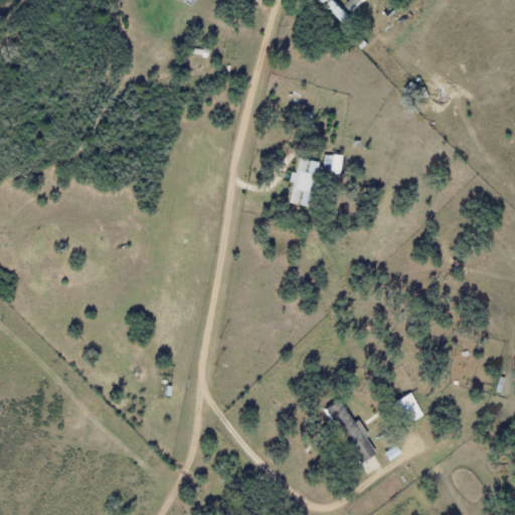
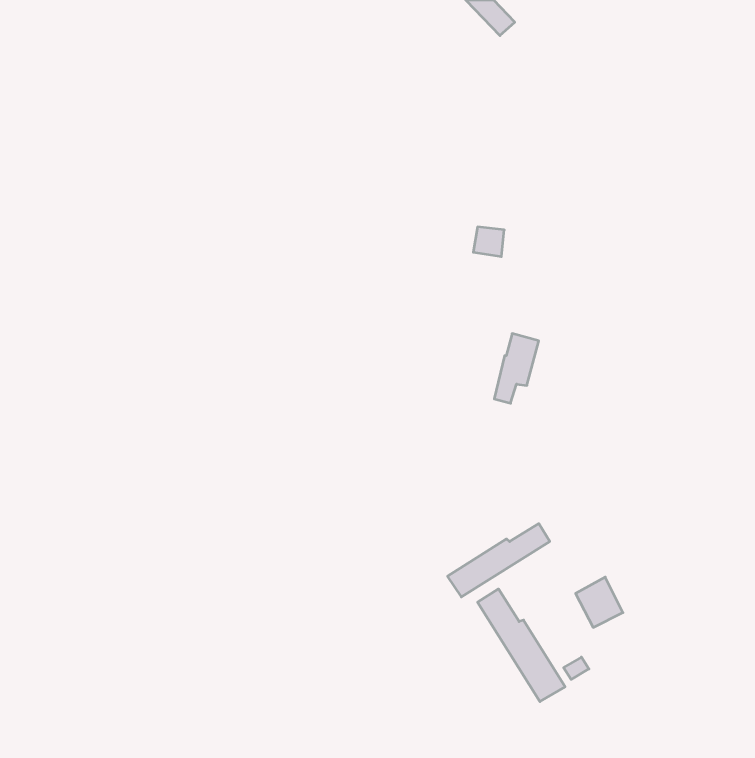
building: [287,157,317,204] -> [494,334,539,403]
building: none -> [448,524,550,597]

